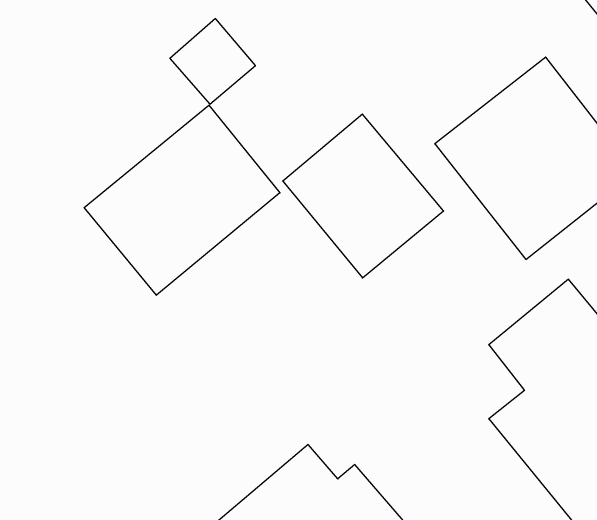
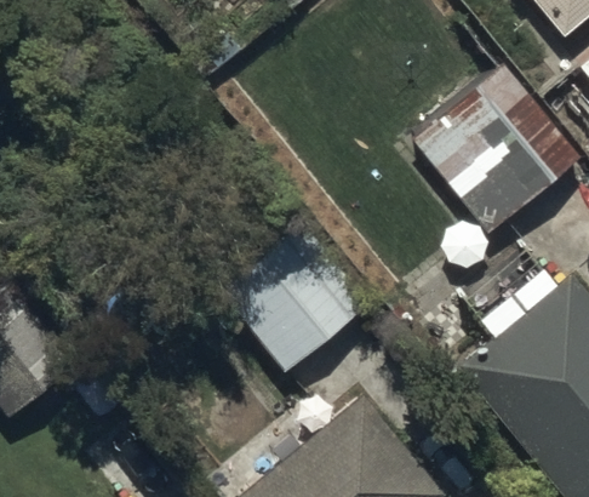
building: [84,105,280,295] -> none
building: [283,114,444,278] -> [219,233,356,372]

